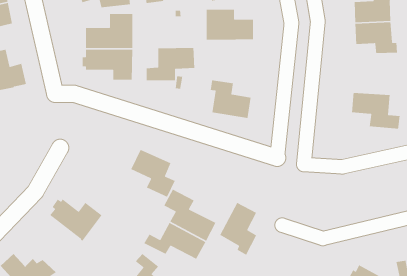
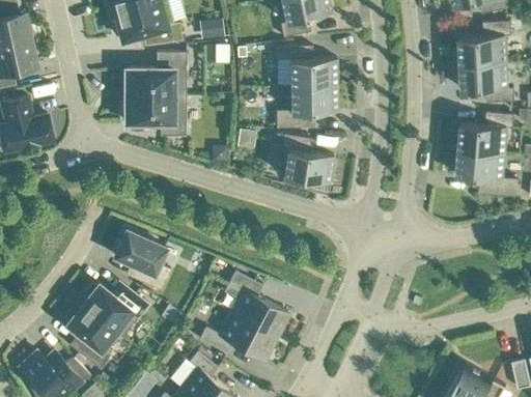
building: [146,47,195,81] -> [275,85,336,127]
building: none -> [458,112,513,153]
building: [130,149,176,198] -> [112,230,169,291]
building: [219,202,257,256] -> none
building: none -> [63,304,118,369]

